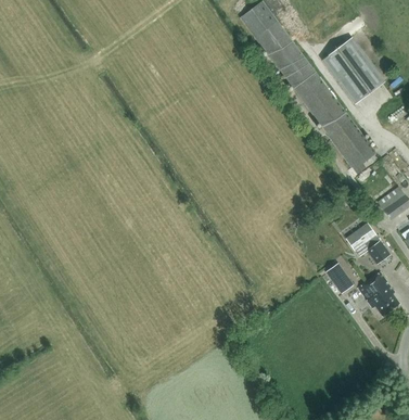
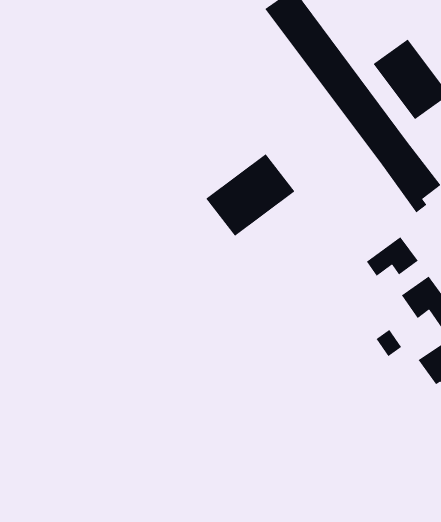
building: none -> [205,153,295,237]
building: none -> [366,236,419,277]

